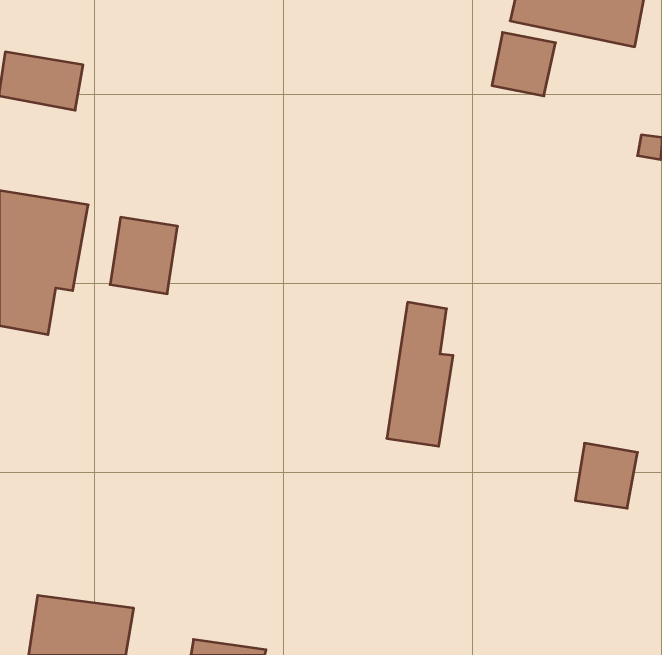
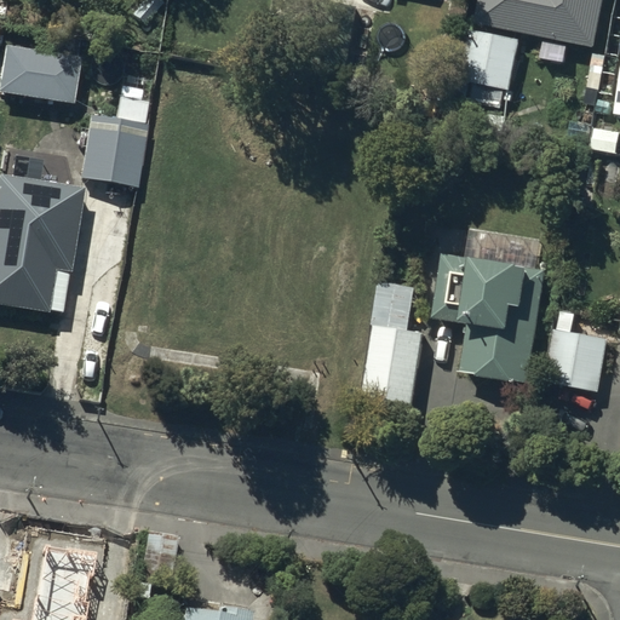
building: [110,217,178,294] -> [81,115,144,186]
building: none -> [432,229,544,383]
building: [575,443,638,508] -> [550,331,608,391]

